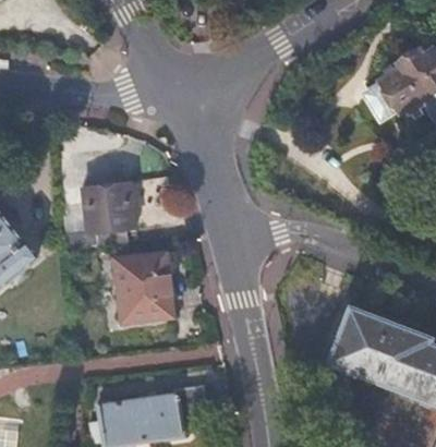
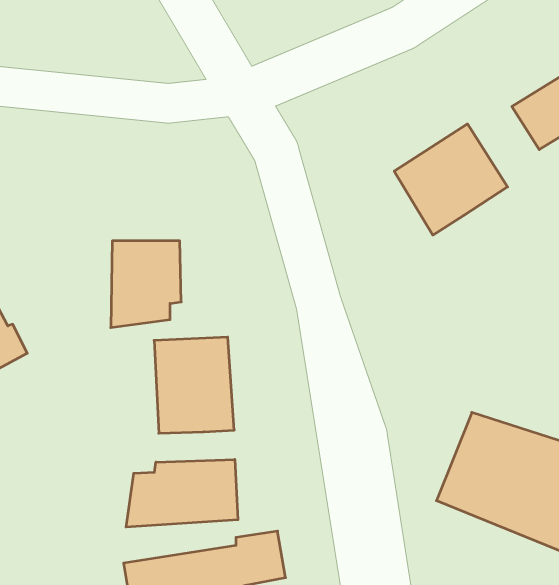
building: none -> [394,124,508,235]
building: none -> [126,459,238,527]

